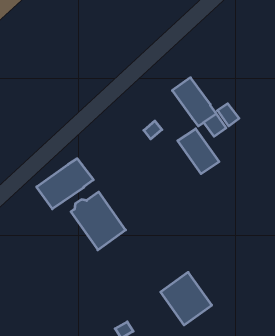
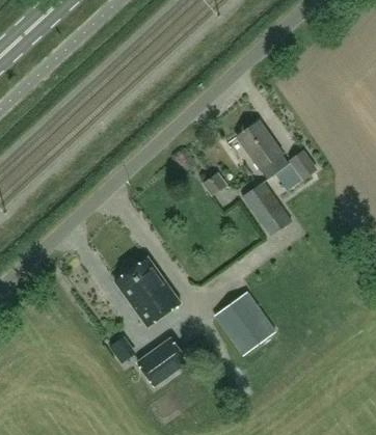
building: [37,159,93,209] -> none
building: none -> [137,336,188,384]
building: [161,272,212,325] -> [214,291,275,354]

